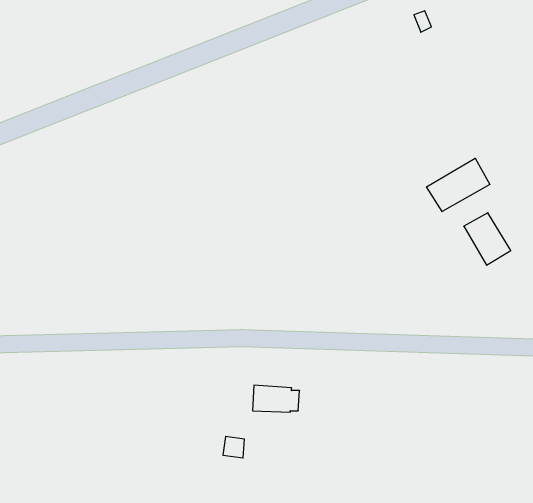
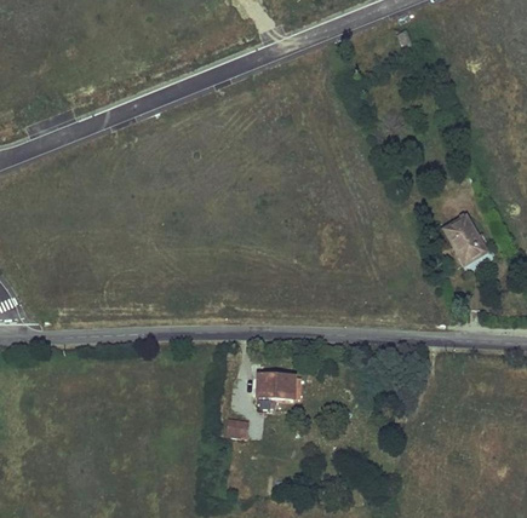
building: [427,158,490,212] -> none

